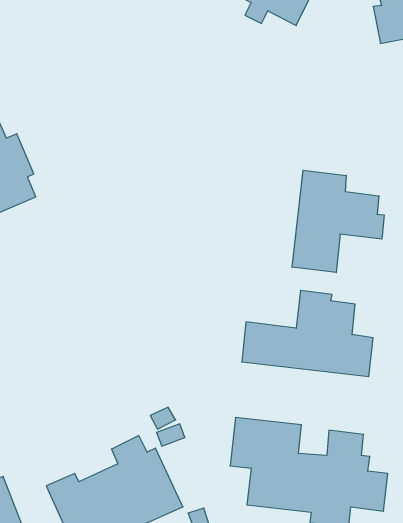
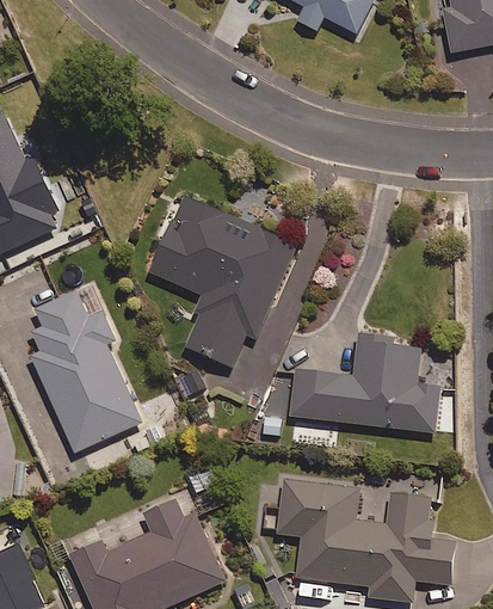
building: none -> [150,195,297,367]
building: [292,170,384,273] -> none
building: none -> [30,282,141,451]

